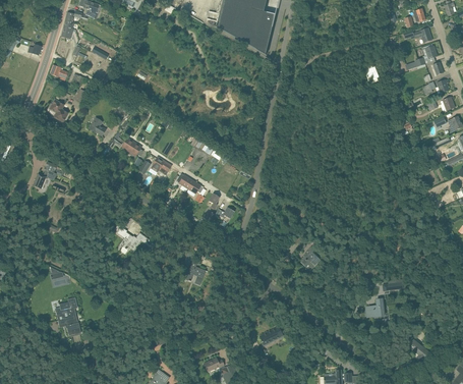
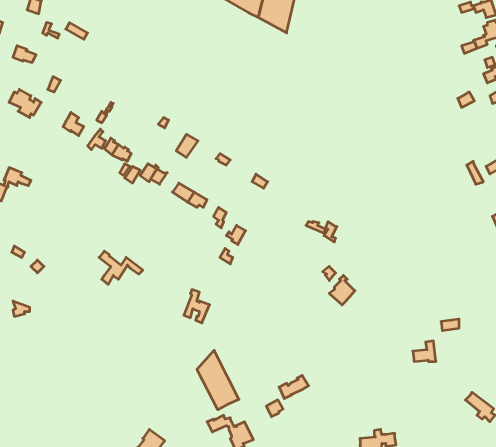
building: [56,297,81,335] -> none
building: none -> [197,350,239,410]

